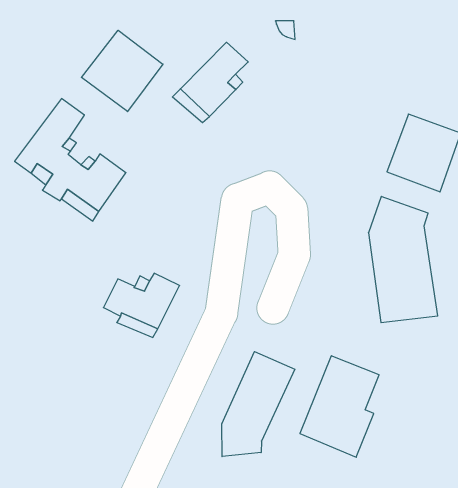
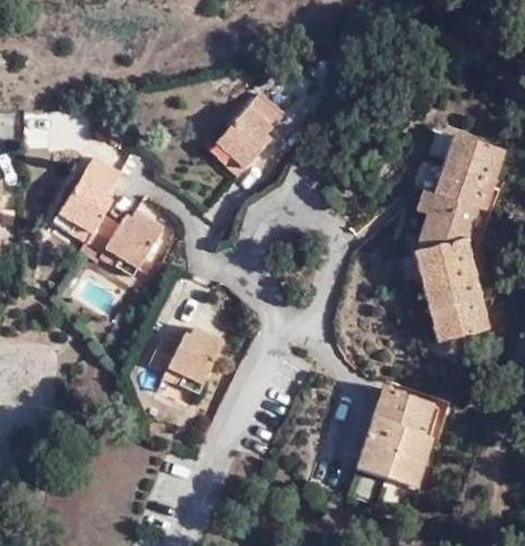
building: [81,30,163,112] -> none
building: none -> [414,197,487,239]
building: [222,352,295,457] -> none

